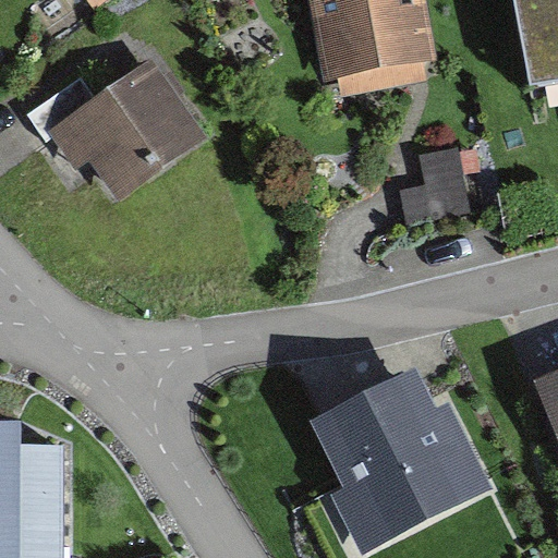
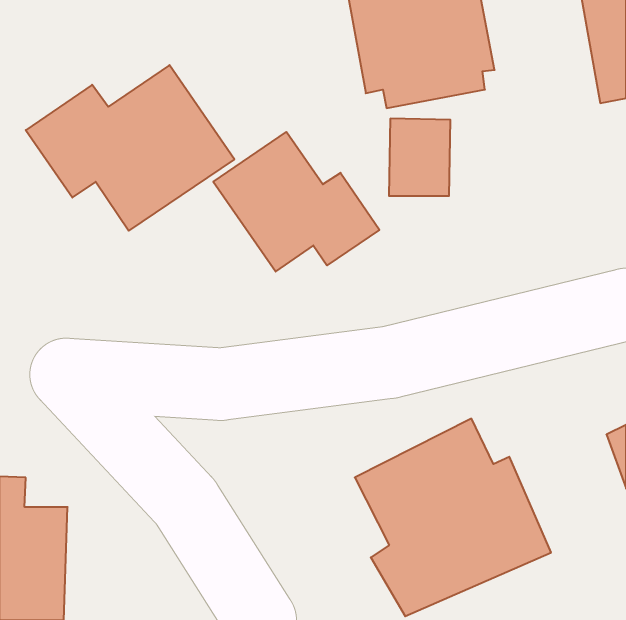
building: none -> [213,132,379,272]
building: [416,141,471,209] -> [389,119,450,196]

